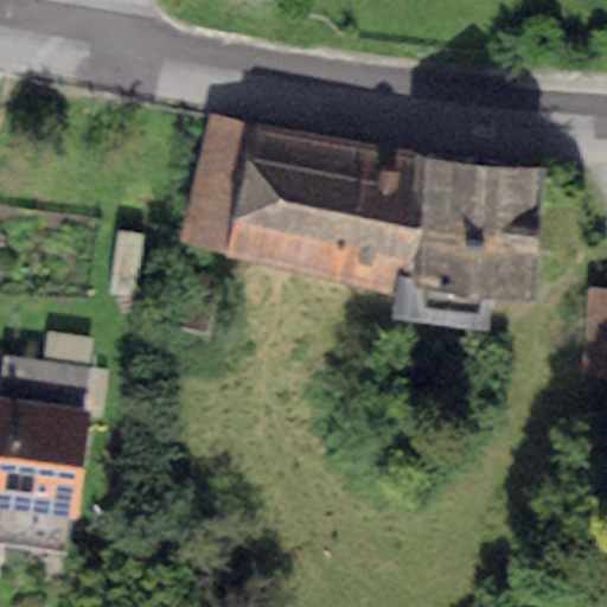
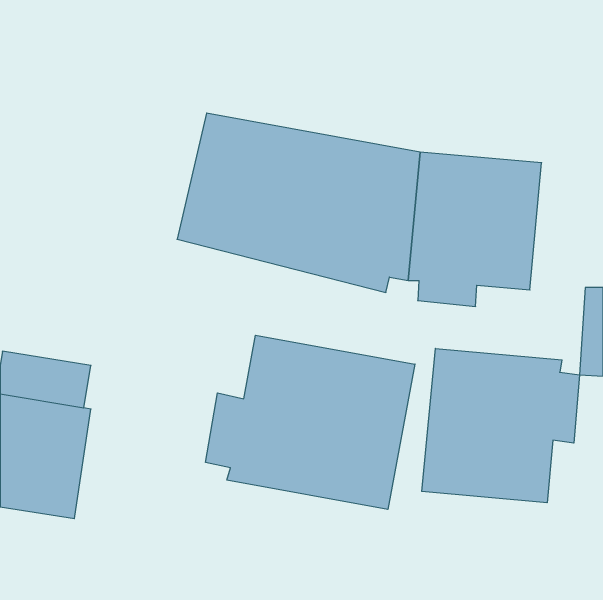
building: none -> [206,335,415,509]
building: none -> [422,348,579,503]

